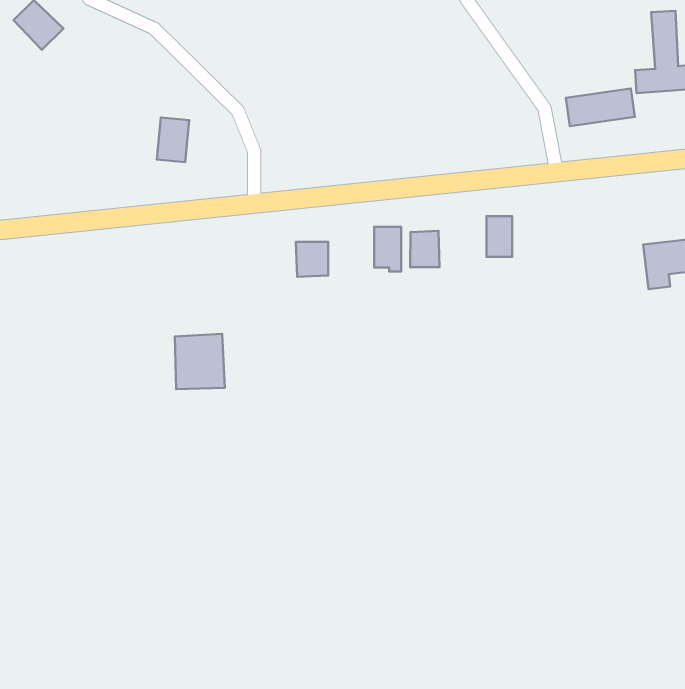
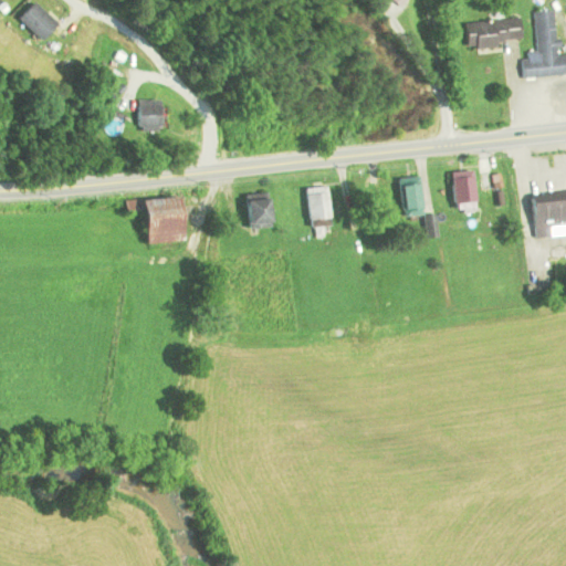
building: [566,88,635,126] -> [468,17,524,48]
building: none -> [457,175,478,207]
building: [410,231,440,267] -> none
building: [175,334,225,389] -> [143,196,184,241]

